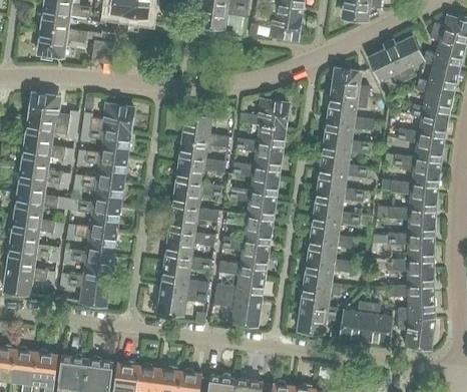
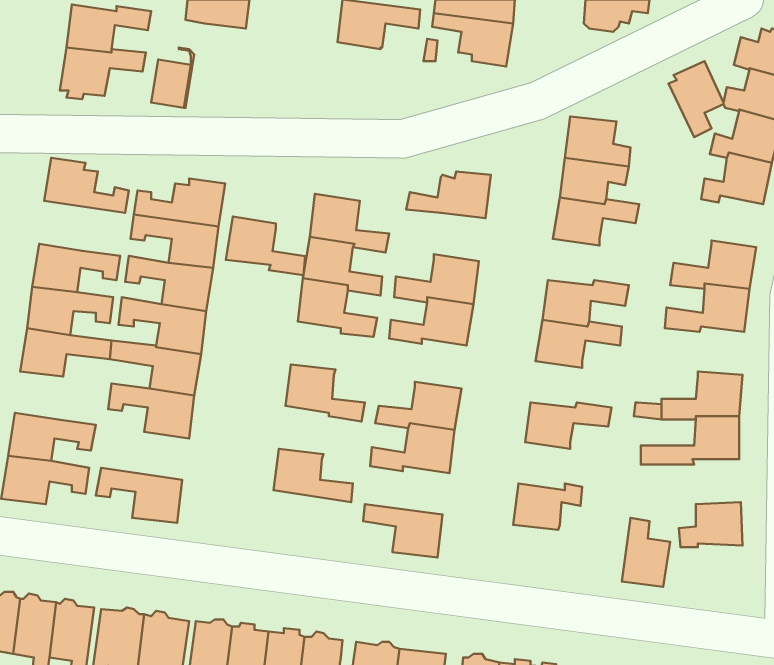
building: [369,48,407,84] -> none
building: [397,114,447,144] -> none
building: [26,117,76,146] -> none
building: [236,124,286,152] -> none
building: [322,139,372,166] -> none
building: [172,187,218,222] -> [226,217,305,275]
building: [389,190,436,220] -> none
building: [225,198,275,227] -> none
building: [312,211,362,238] -> none
building: [12,217,62,245] -> none
building: [165,237,211,271] -> none
building: [63,249,113,280] -> none
building: [305,258,355,286] -> none
building: [387,268,434,297] -> none
building: [215,272,265,300] -> none
building: [158,286,207,315] -> none
building: [341,301,370,339] -> none
building: [299,306,339,333] -> none
building: [397,317,435,349] -> none

